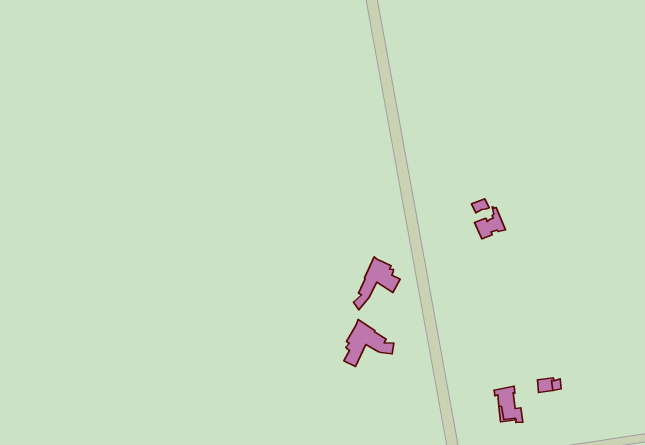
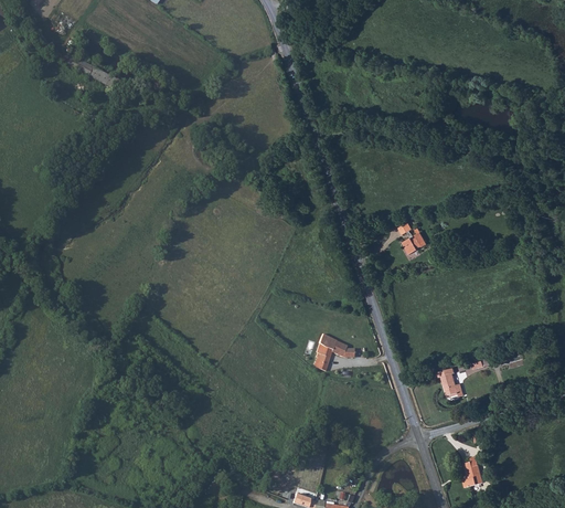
building: [354,257,400,310] -> none

